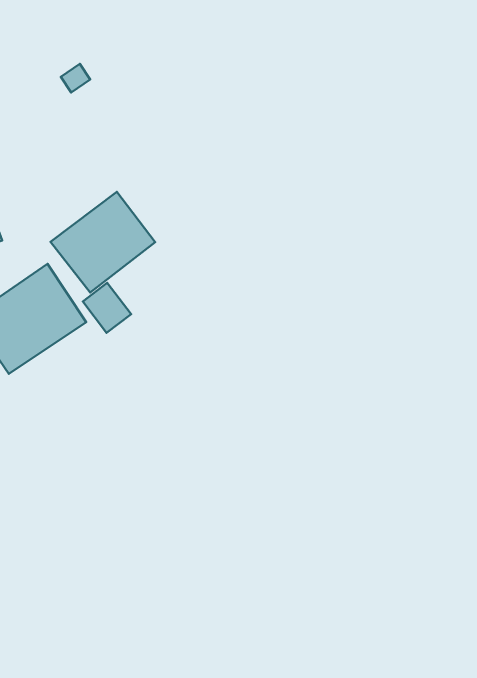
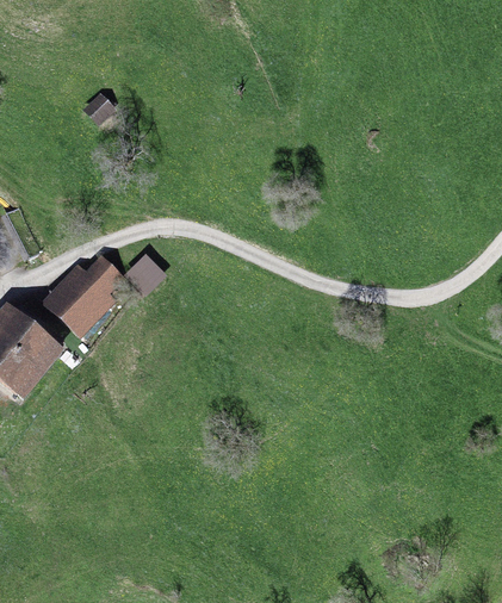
building: [51,192,155,293] -> none

